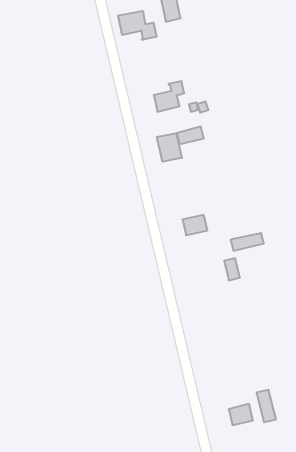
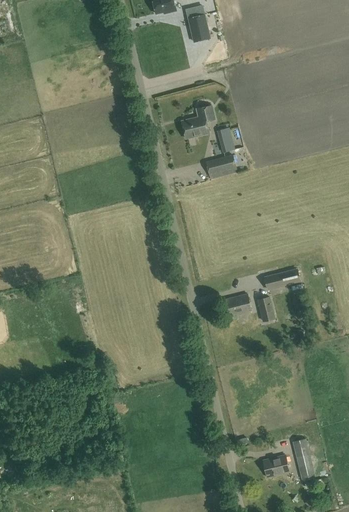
building: [118,11,156,40] -> none
building: [157,133,182,162] -> none
building: [182,215,207,235] -> [224,294,251,316]

